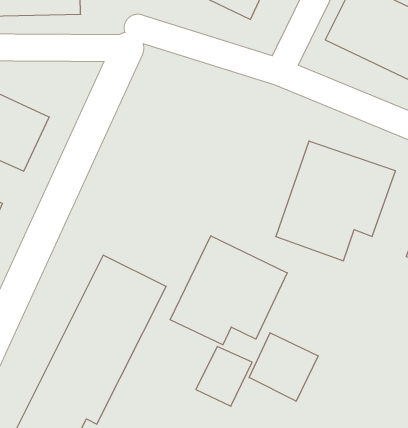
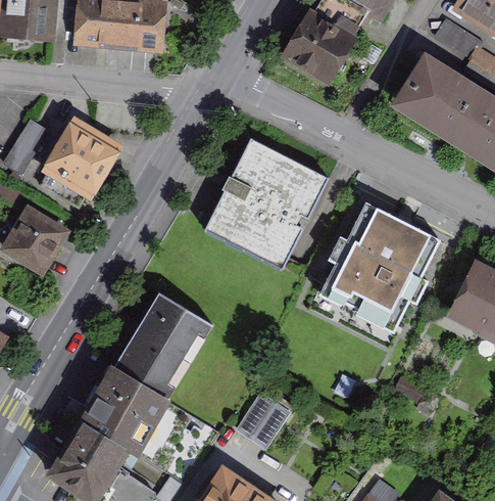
building: none -> [207,140,328,266]
building: [170,236,287,345] -> none
building: [249,333,318,401] -> none

